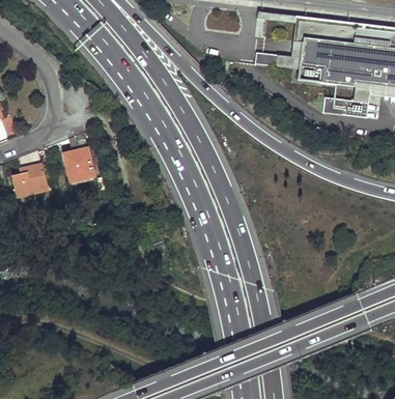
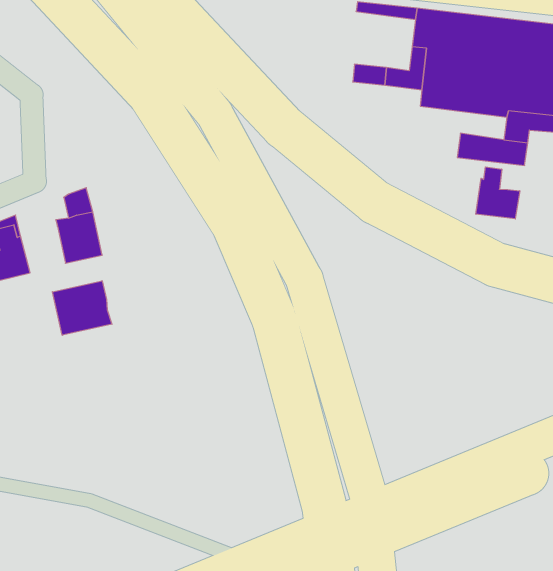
building: none -> [476,167,520,219]
building: none -> [52,281,112,335]

